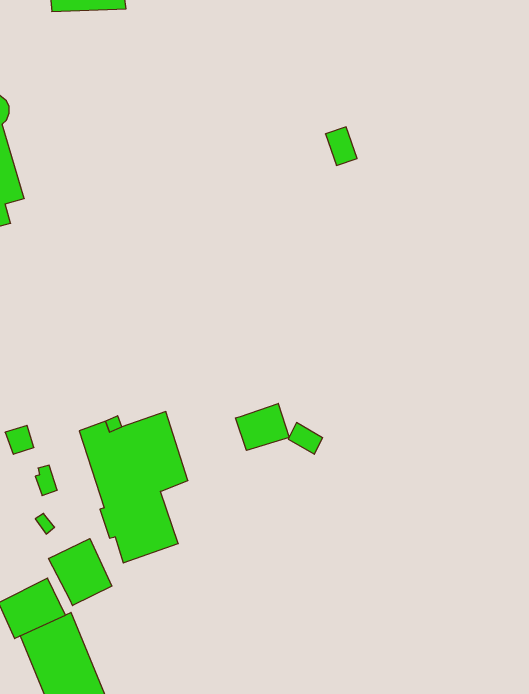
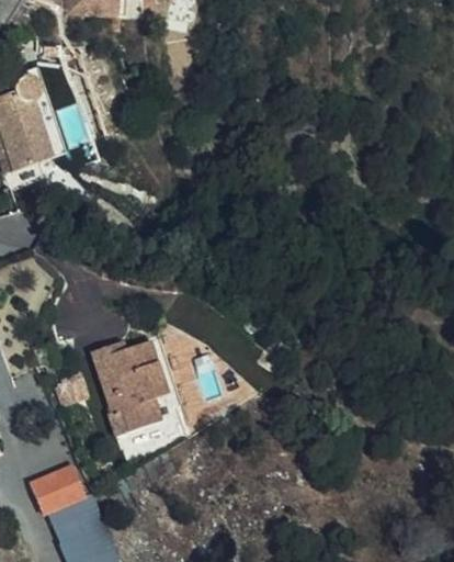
building: [236,403,289,450] -> none
building: [49,539,112,606] -> none

